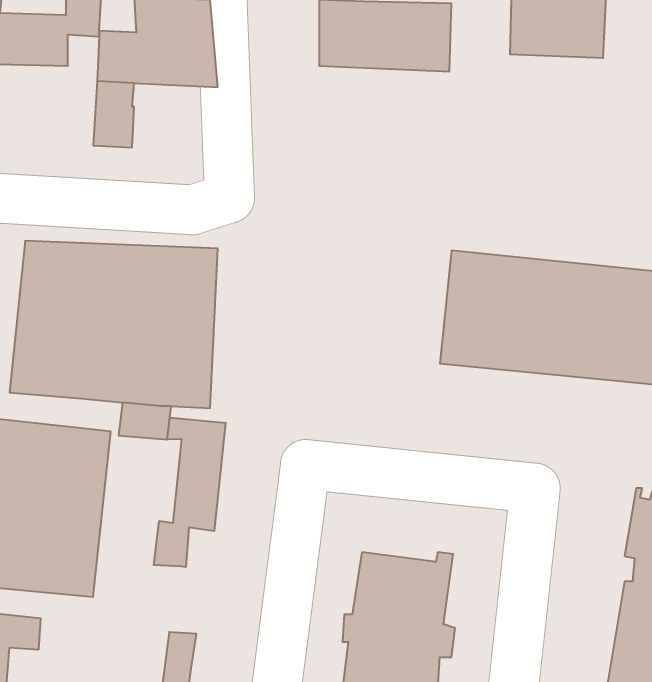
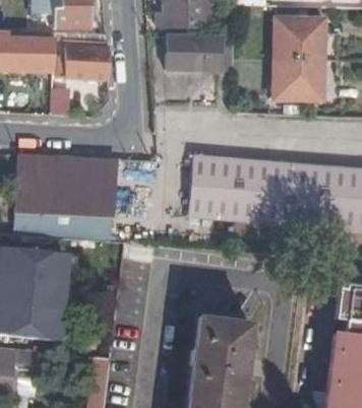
building: none -> [269,60,319,104]
building: none -> [190,158,240,221]
building: [154,417,225,567] -> none

